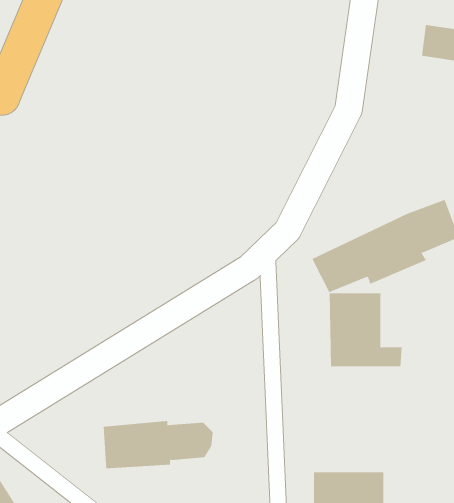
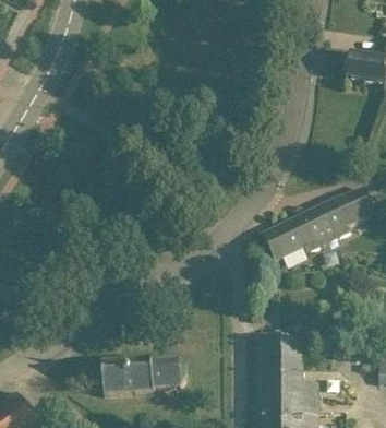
building: [329,293,403,367] -> [263,340,319,396]

